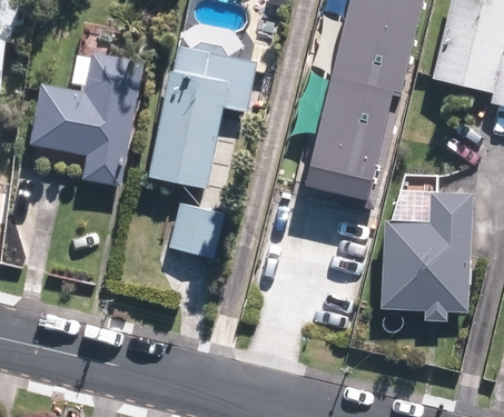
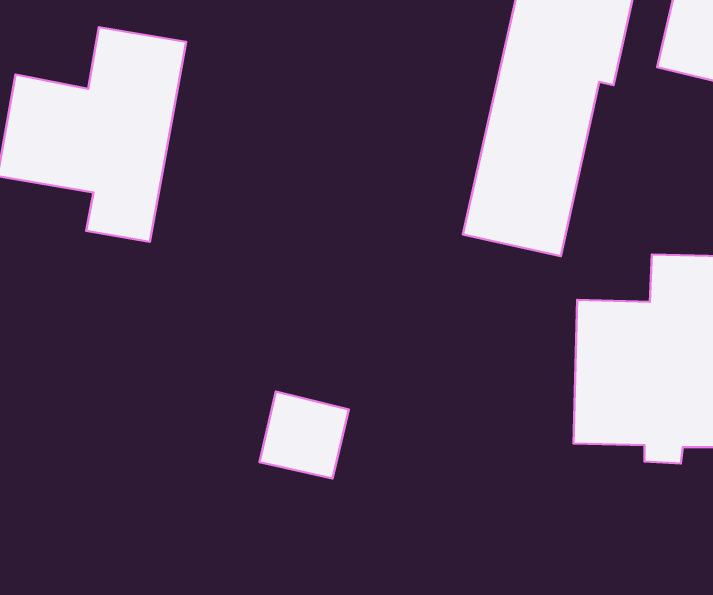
building: [147,46,257,189] -> none
building: [170,203,225,257] -> [260,391,349,479]

